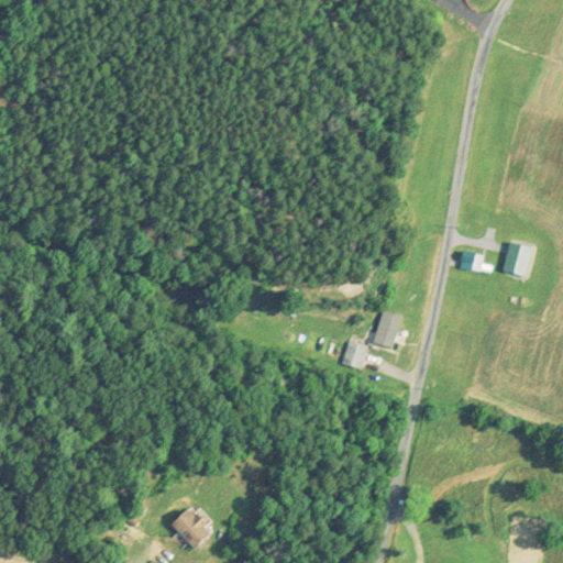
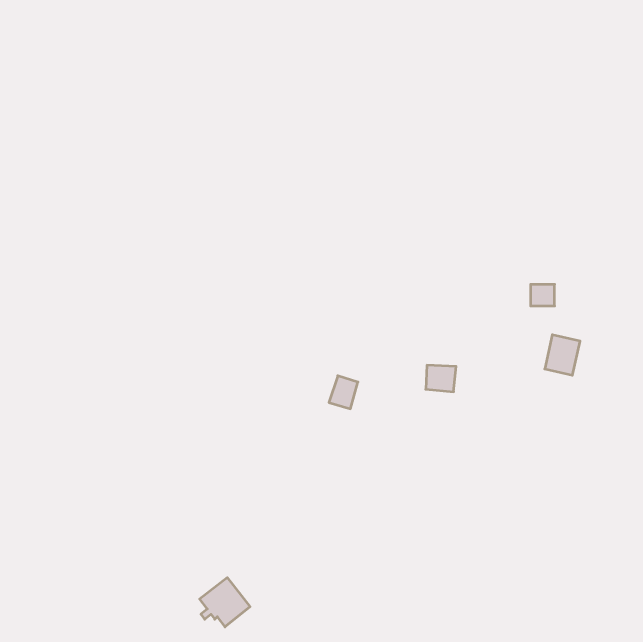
building: [503,241,533,276] -> [545,335,580,375]
building: [341,340,366,368] -> [329,376,358,409]

